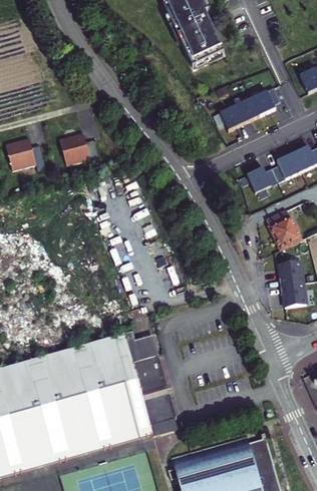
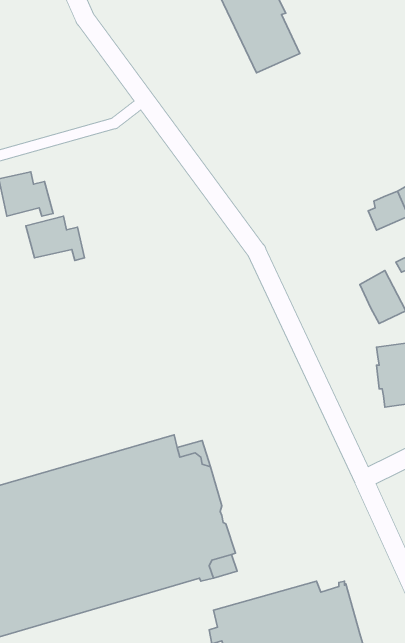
building: [218,87,278,130] -> none
building: [57,133,99,165] -> [26,216,85,261]
building: [246,166,279,191] -> none

